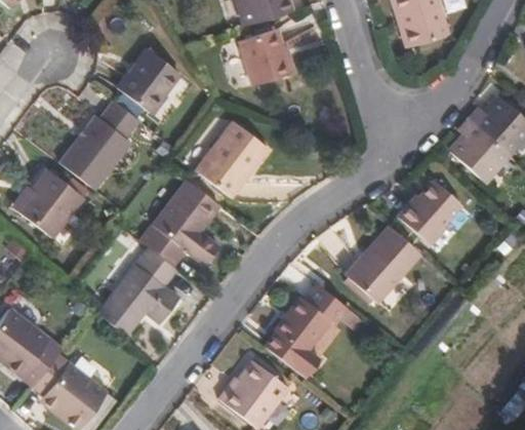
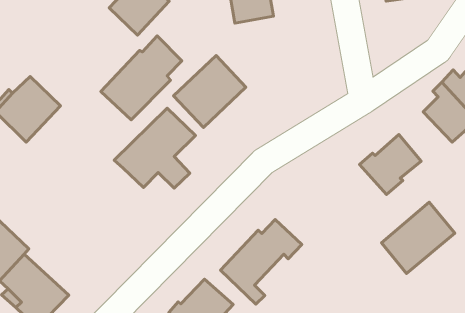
building: [55,96,135,187] -> [101,36,182,120]
building: [344,227,418,304] -> [381,202,455,274]
building: [97,251,180,337] -> none

